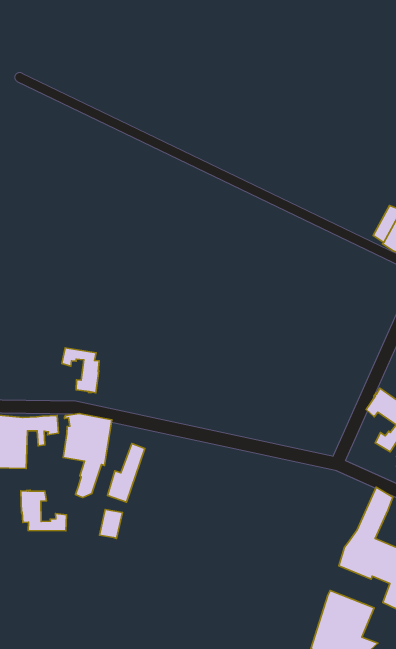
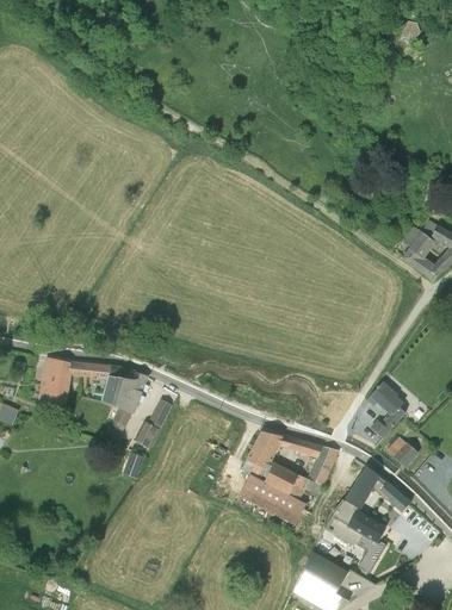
building: [62,348,99,393] -> none
building: none -> [239,431,338,524]
building: [21,490,67,531] -> none

